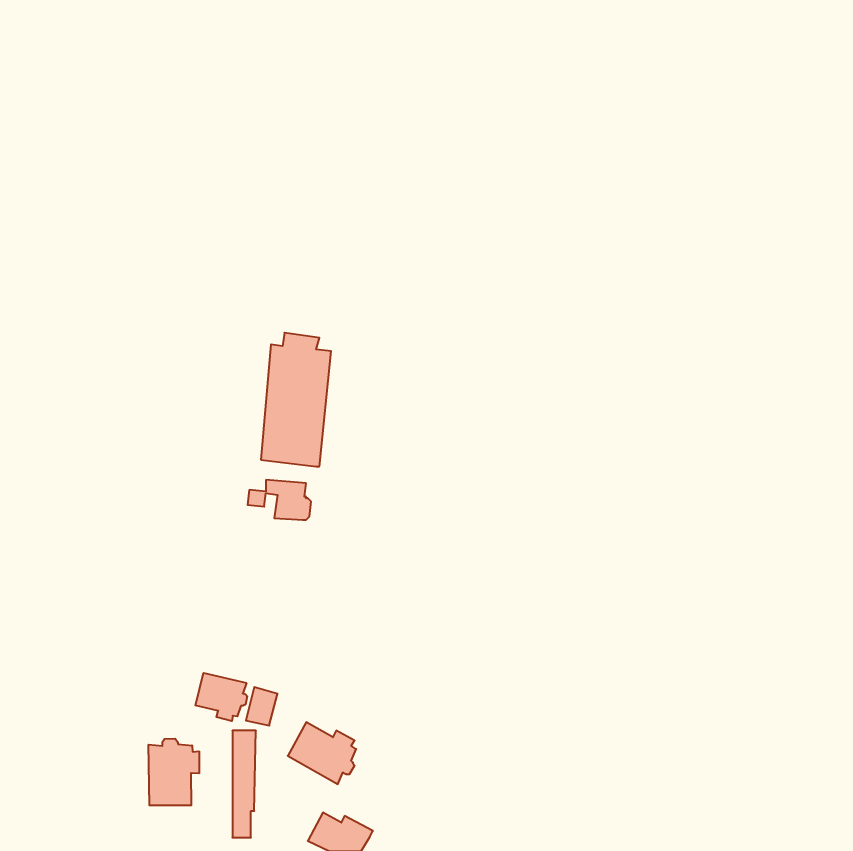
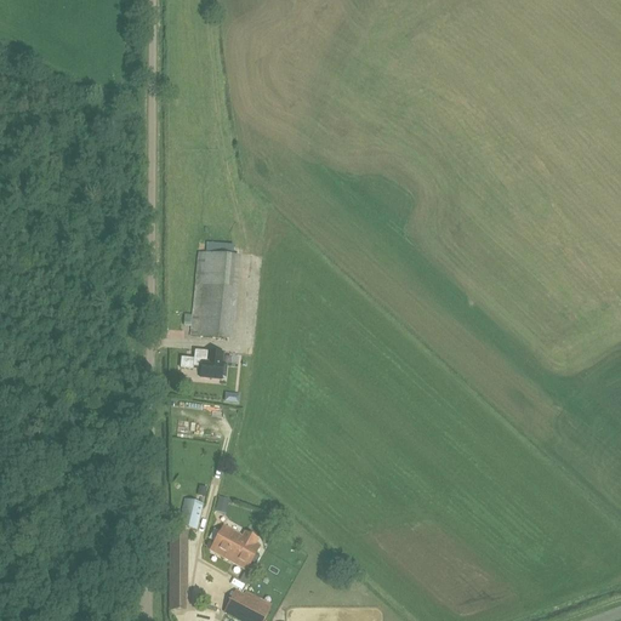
building: [195,673,247,721] -> none
building: [149,739,199,805] -> none

